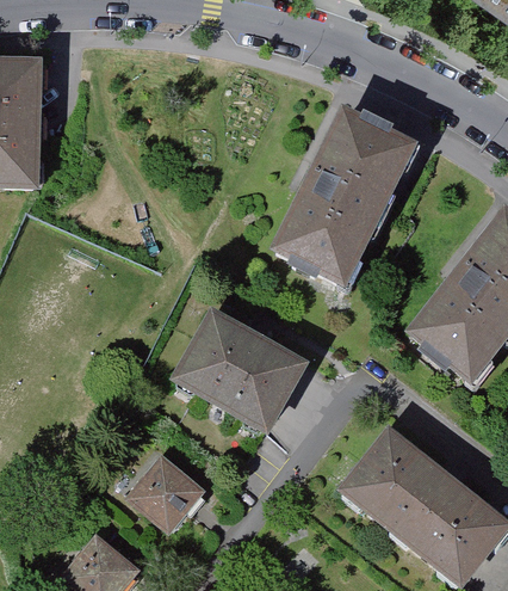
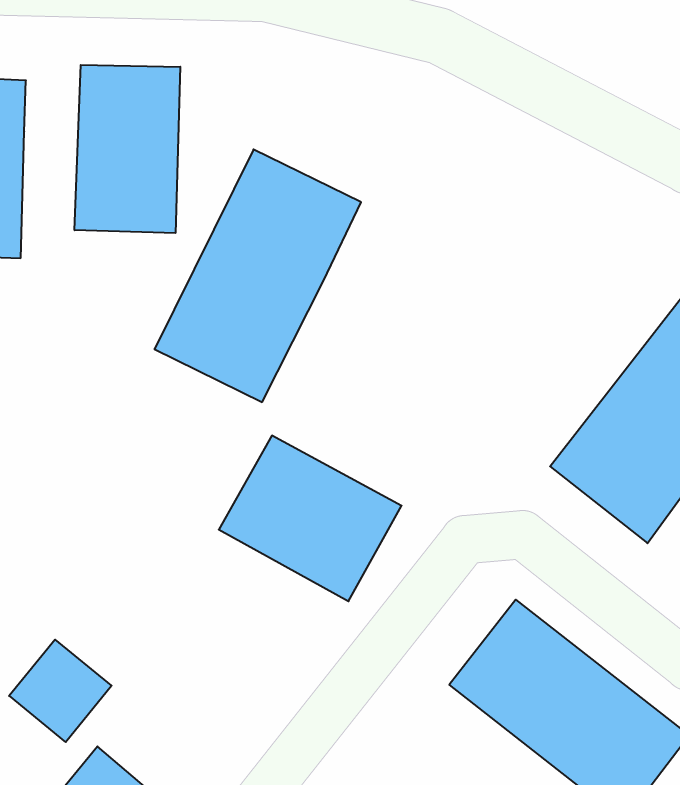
building: none -> [75,65,180,233]
building: [272,111,416,288] -> [154,149,361,402]
building: [126,454,198,525] -> [9,640,112,742]

